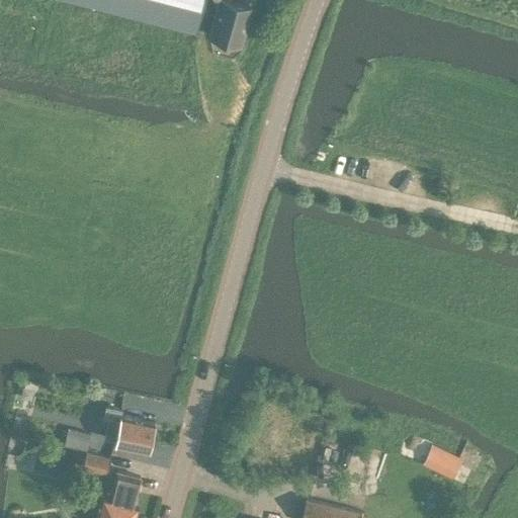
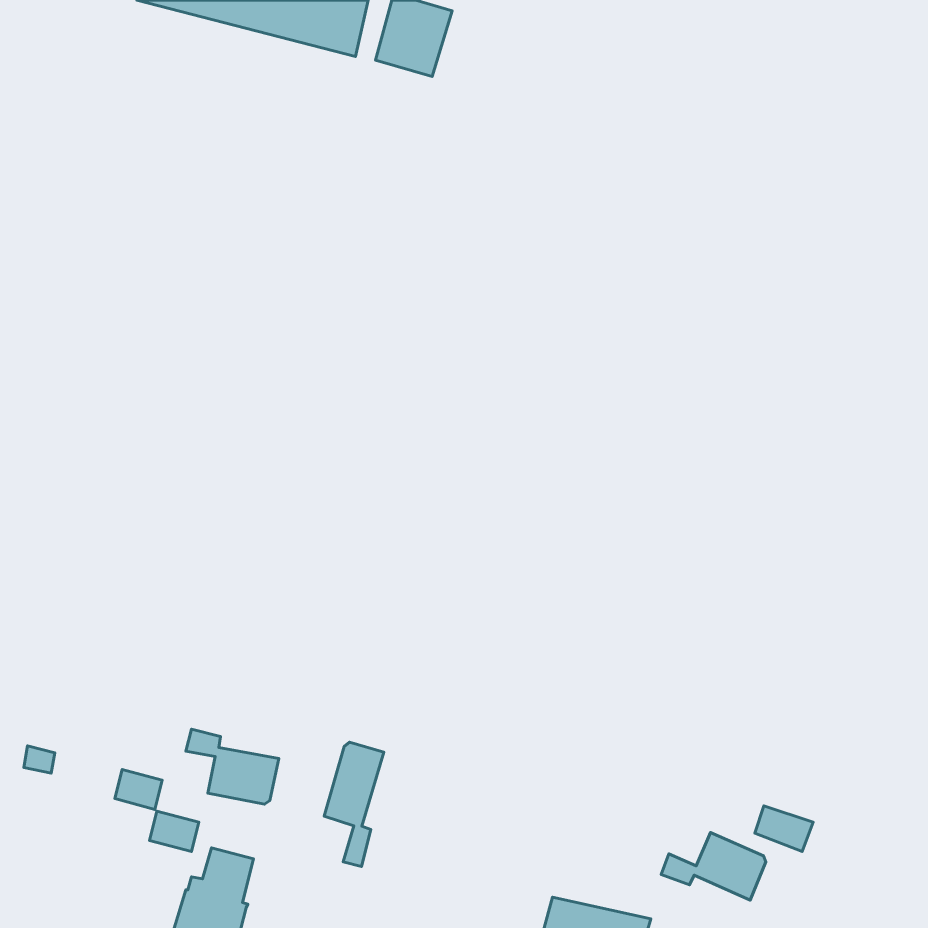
building: none -> [324,742,384,866]
building: none -> [661,833,766,900]

